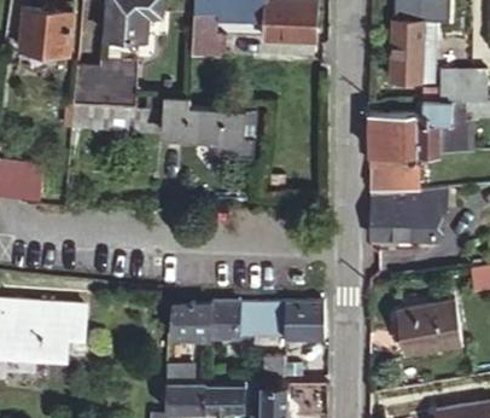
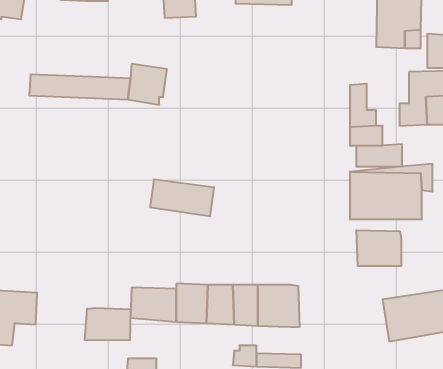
building: [75,63,139,110] -> none
building: [196,110,255,144] -> [150,179,214,216]
building: [384,116,422,155] -> none
building: none -> [356,230,401,266]
building: none -> [85,308,131,340]

